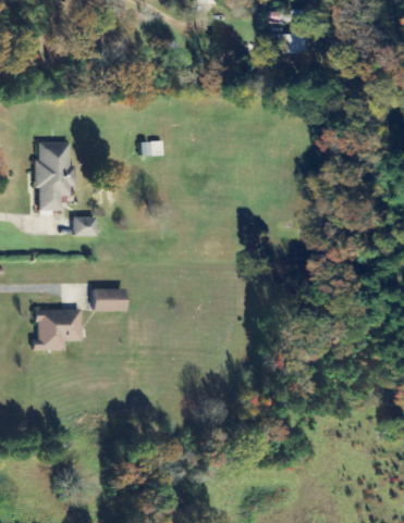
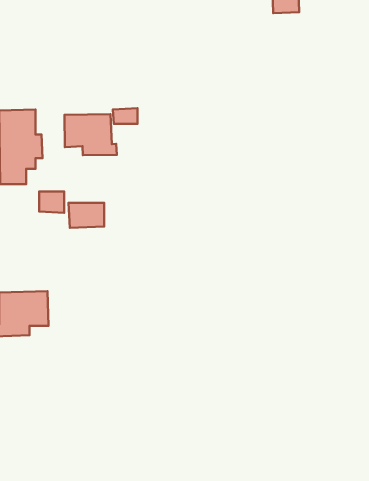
building: none -> [64,114,117,155]
building: [90,287,123,310] -> [69,203,104,228]

